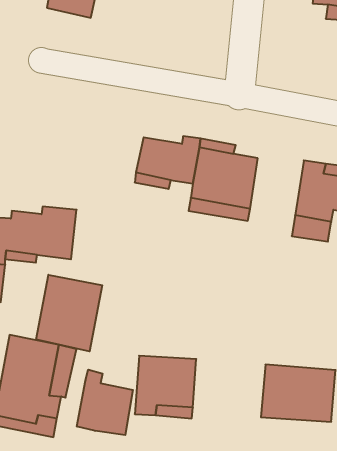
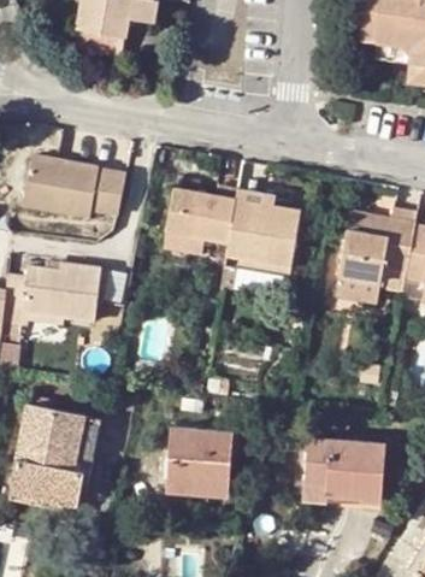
building: none -> [25,153,126,216]
building: [36,275,102,351] -> none
building: [77,370,133,435] -> none

